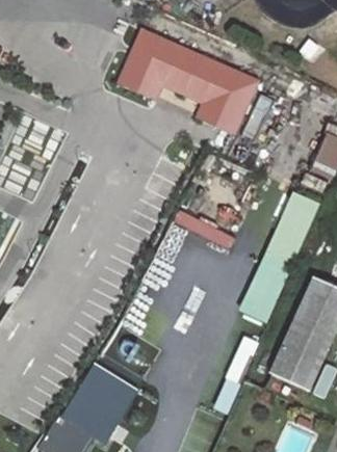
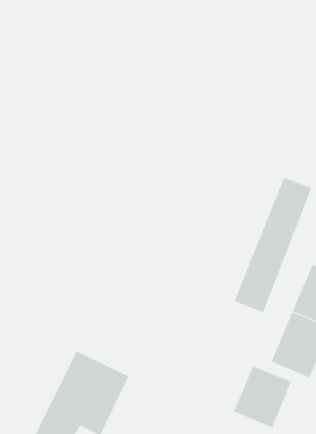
building: [124,30,262,134] -> none
building: none -> [233,366,291,428]

